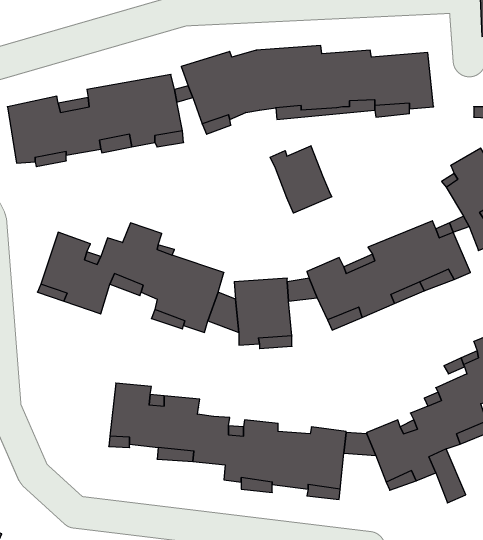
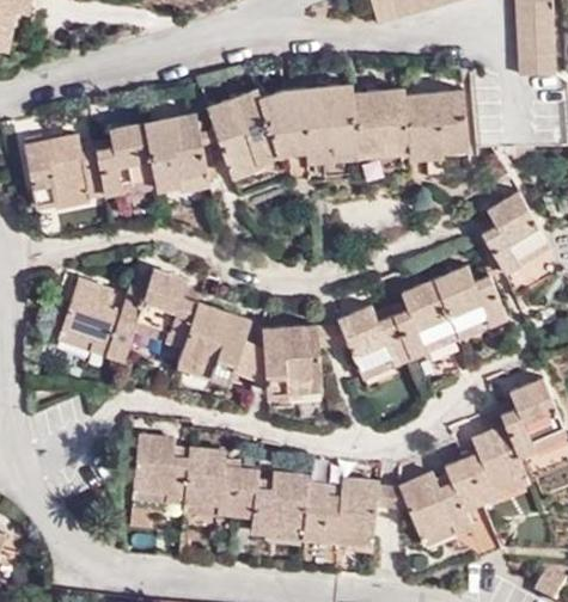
building: [270,146,332,213] -> none

